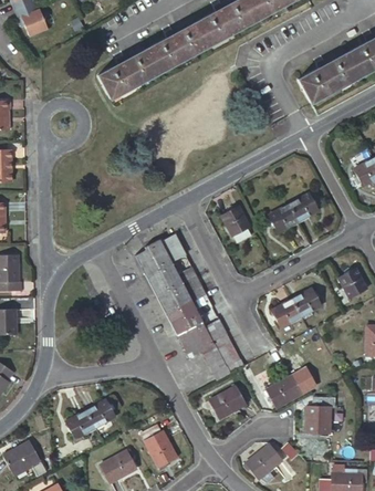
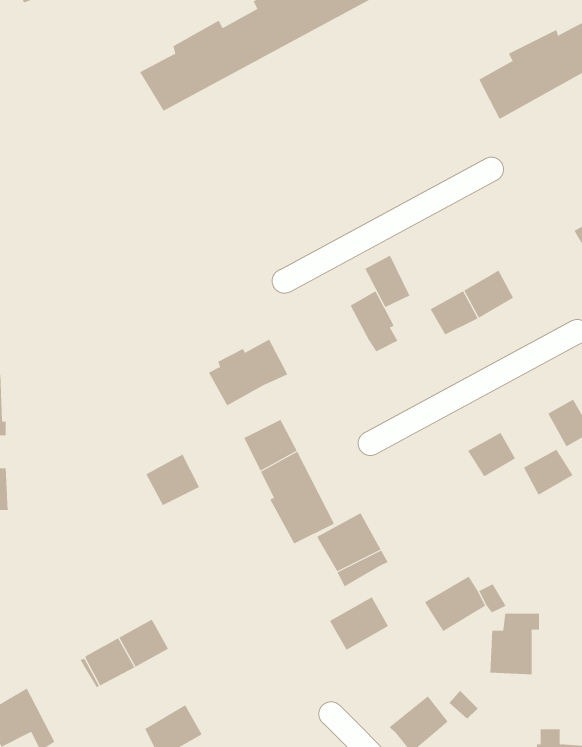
building: none -> [364,255,410,308]
building: [149,261,181,292] -> [146,454,200,506]
building: [272,300,302,327] -> [523,449,574,496]
building: [140,425,176,467] -> none

